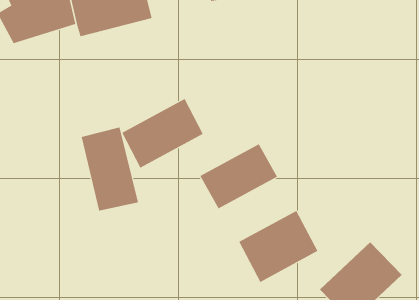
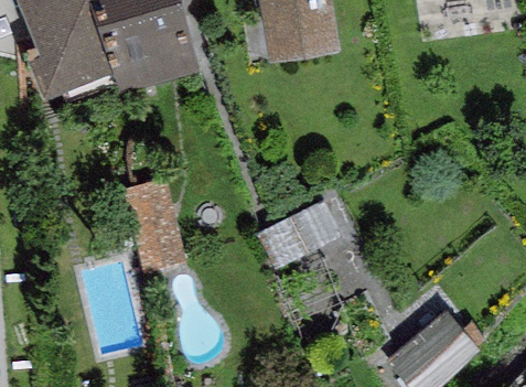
building: [121,98,203,169] -> none
building: [239,210,318,283] -> none

